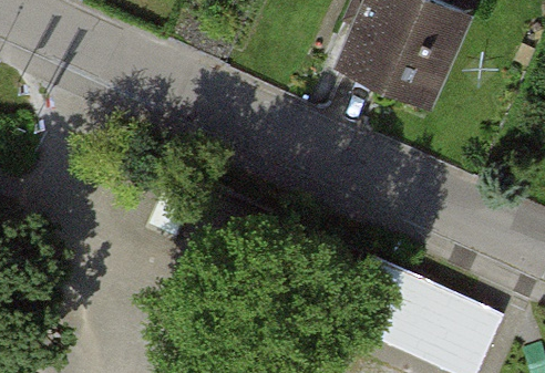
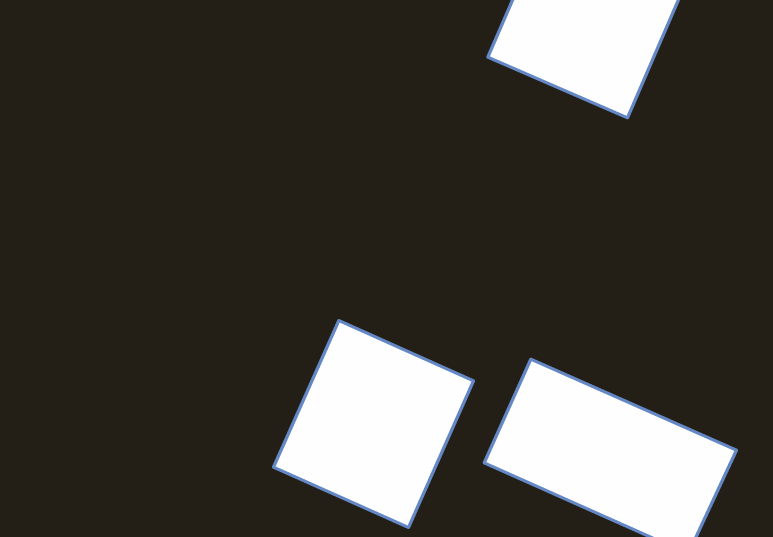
building: none -> [274,321,474,528]

